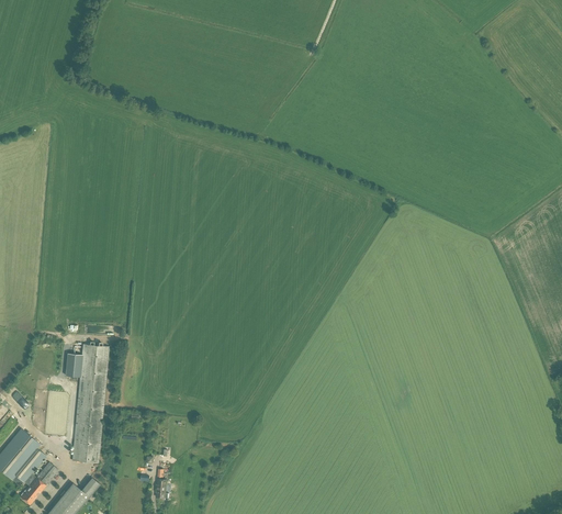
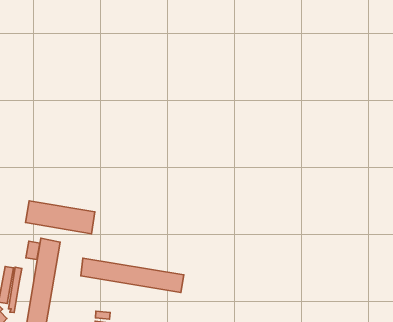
building: none -> [26,201,95,234]
building: none -> [81,258,184,293]

